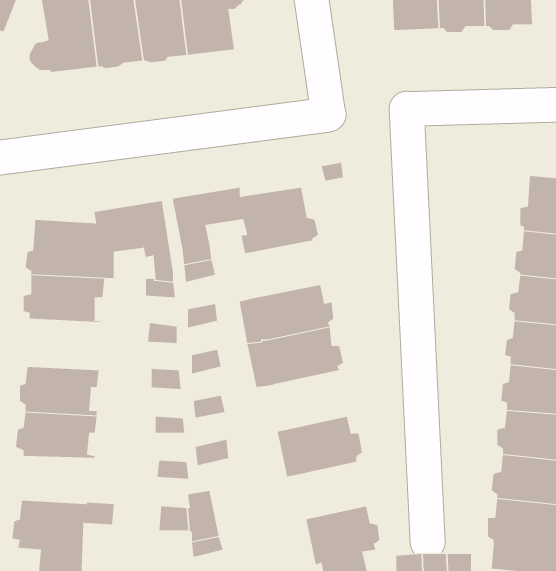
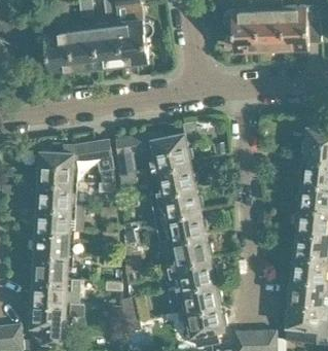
building: none -> [149,163,197,196]
building: none -> [32,205,83,233]
building: none -> [167,233,211,265]
building: none -> [28,279,79,305]
building: none -> [168,282,220,315]

